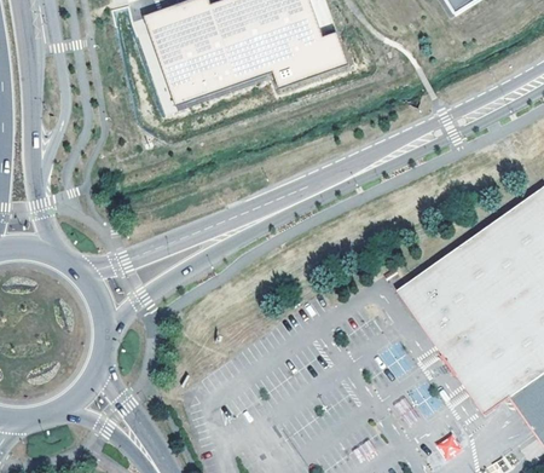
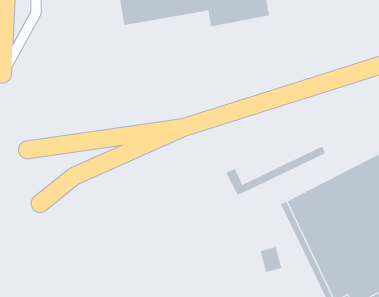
building: none -> [225,146,326,196]

